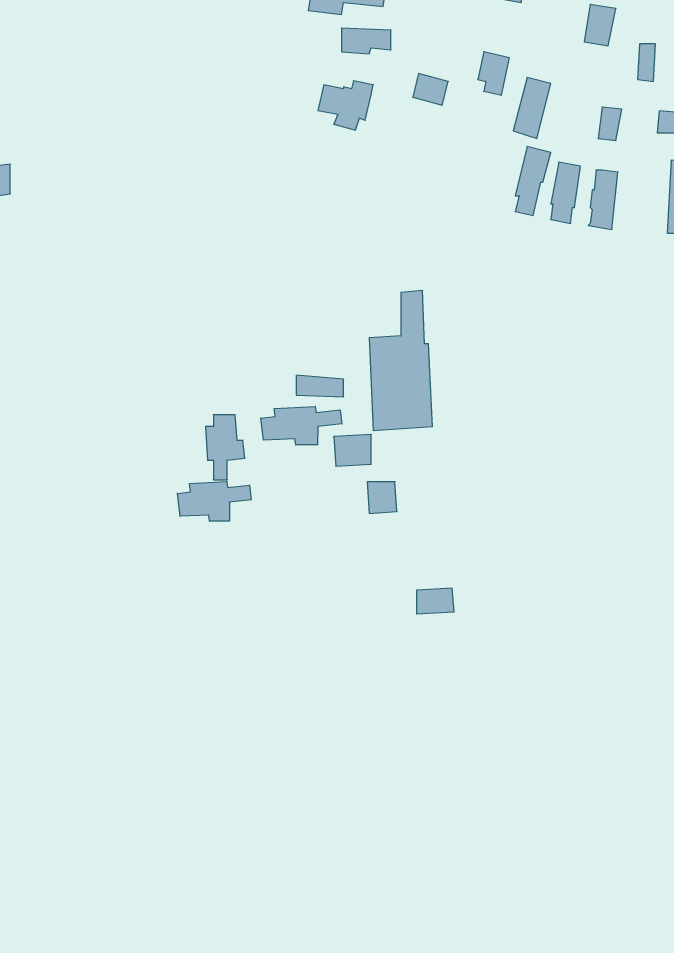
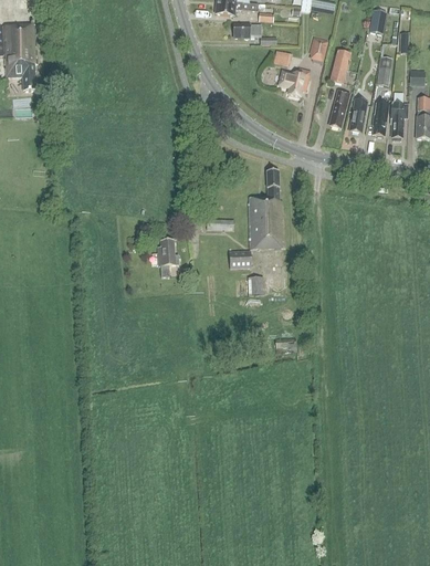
building: [318,81,373,130] -> [277,69,308,96]
building: none -> [389,103,408,140]
building: [261,406,342,445] -> none
building: [177,481,251,521] -> none

